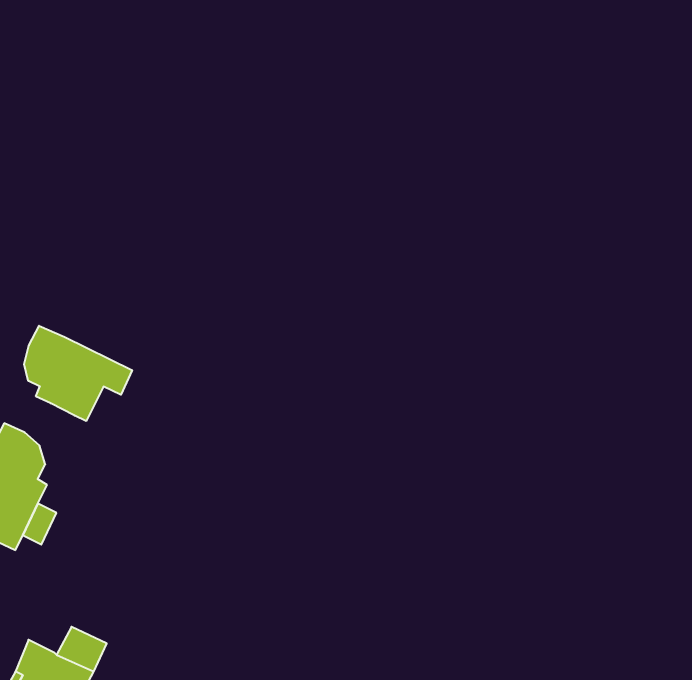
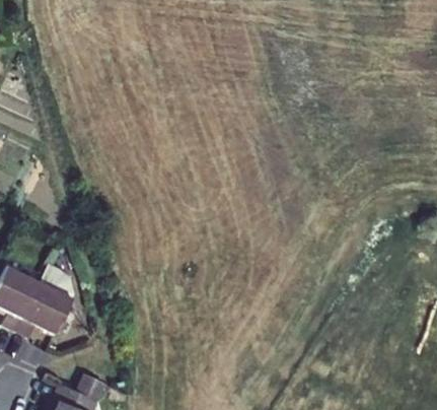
building: [24,326,132,421] -> none

